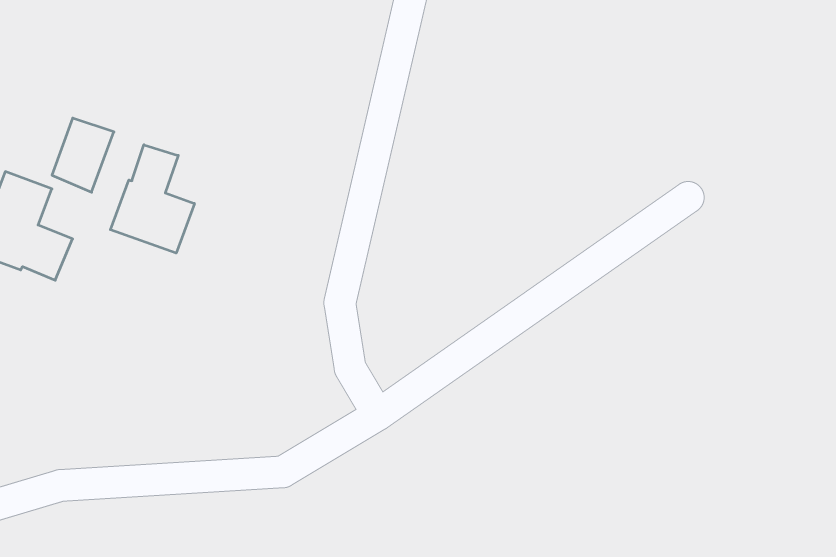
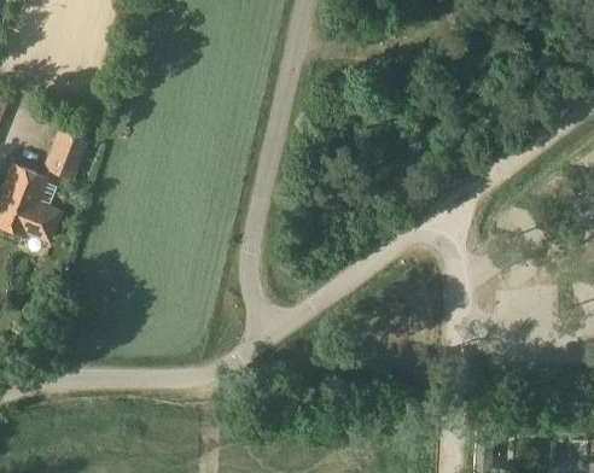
building: [110,145,194,253] -> none

